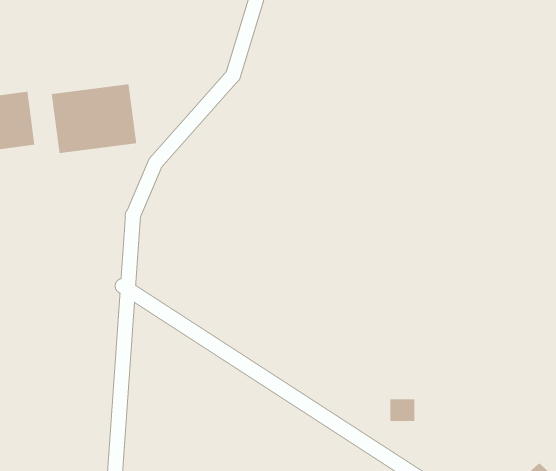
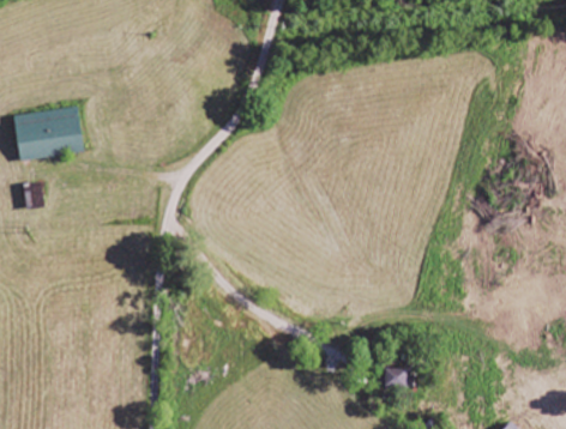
building: [51,83,137,154] -> none

